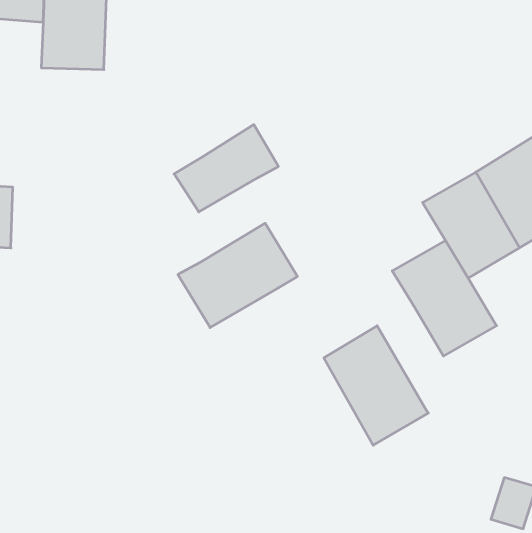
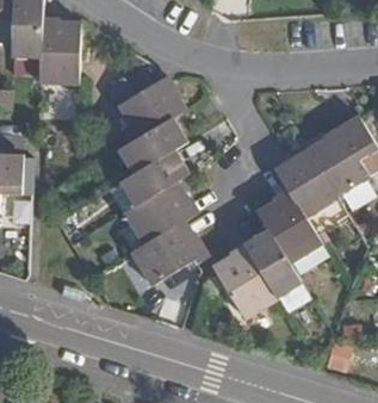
building: none -> [109,69,185,137]
building: none -> [122,150,186,204]
building: none -> [131,219,205,285]
building: none -> [248,230,302,294]

